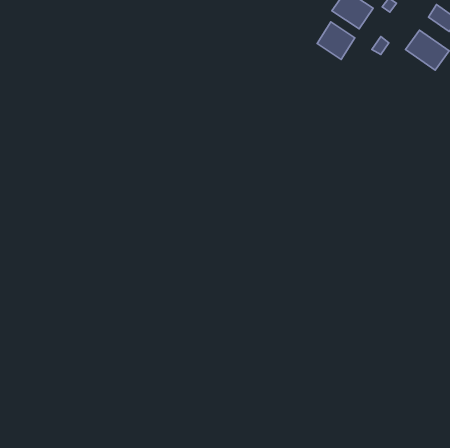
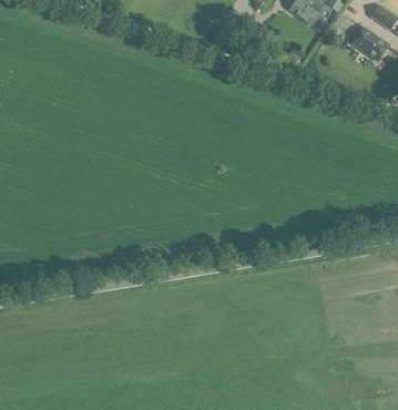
building: [317,22,355,59] -> none

